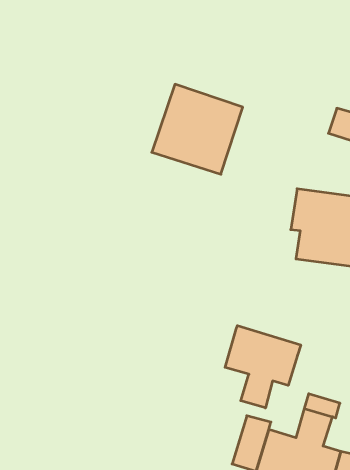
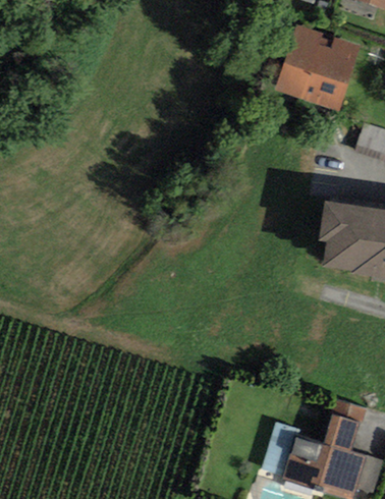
building: [152,84,243,174] -> [272,24,361,112]
building: [225,326,301,408] -> none

